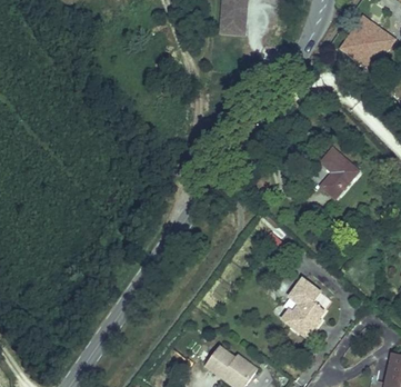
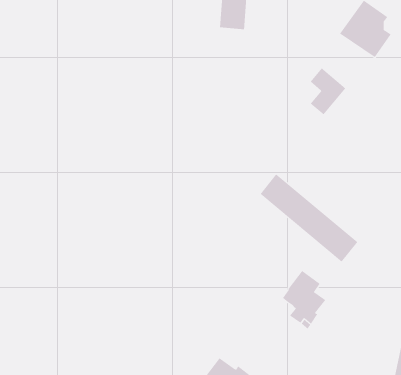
building: [324,146,359,191] -> [310,67,346,115]
building: none -> [260,174,358,262]

